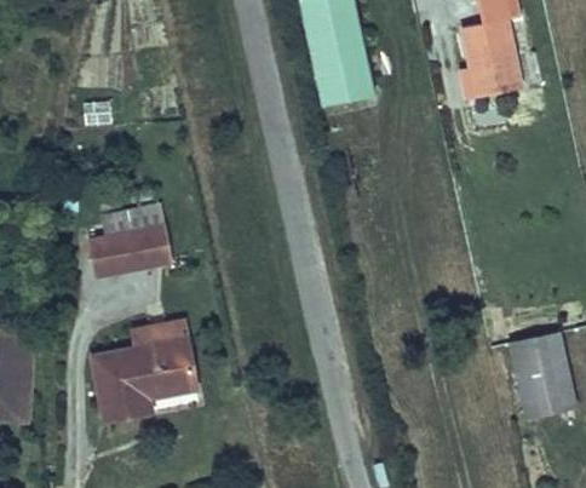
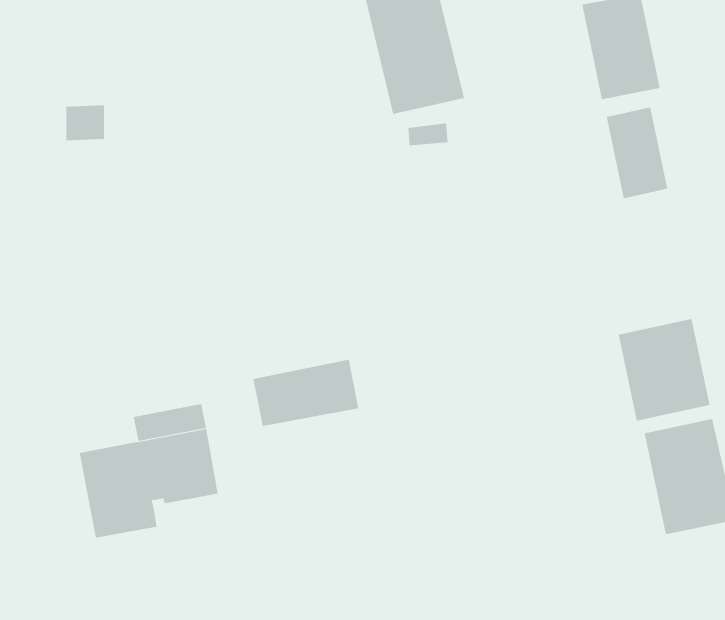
building: none -> [606,107,668,199]
building: [91,225,170,275] -> [252,359,359,426]
building: none -> [618,318,710,422]

